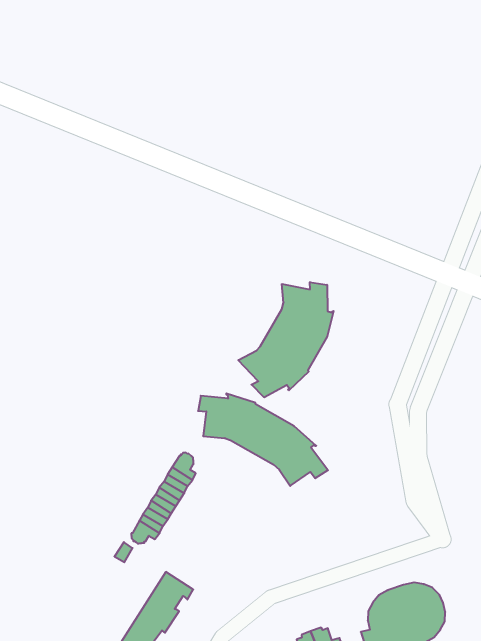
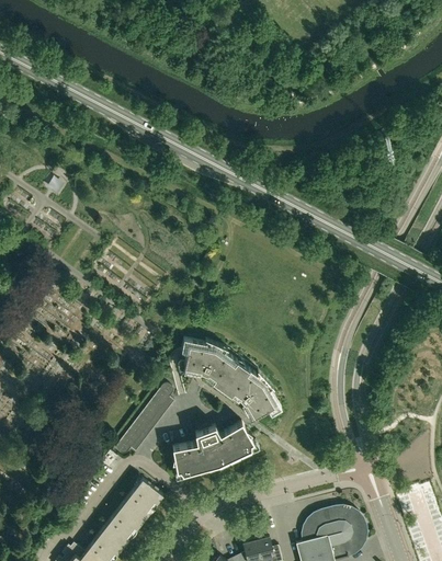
building: [238,282,334,397] -> none
building: none -> [172,423,259,480]

